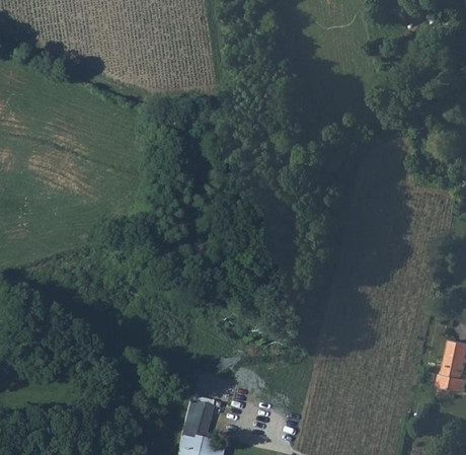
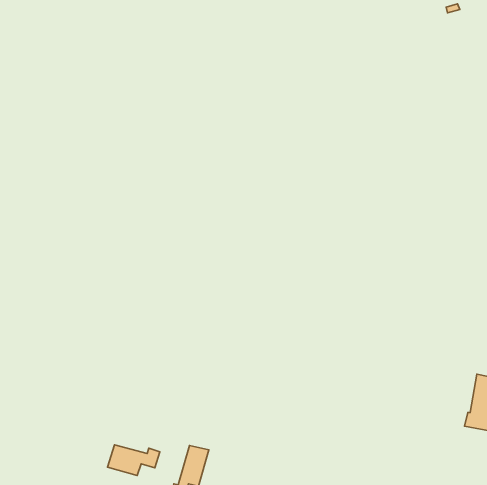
building: none -> [107,445,160,476]

